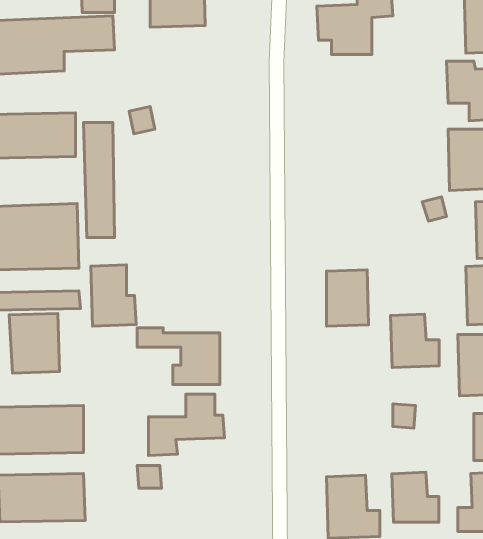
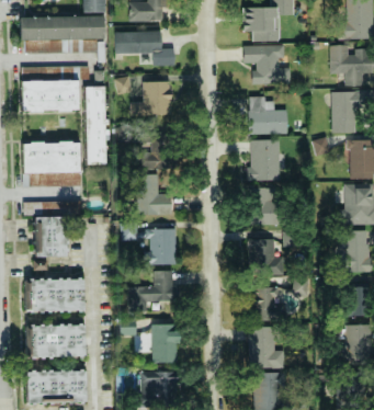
building: none -> [116,31,175,65]
building: none -> [243,45,291,83]
building: none -> [132,81,172,116]
building: none -> [248,96,287,134]
building: none -> [145,132,178,169]
building: none -> [250,139,280,180]
building: [91,265,136,326] -> [141,173,172,215]
building: [390,314,439,367] -> [251,238,284,274]
building: none -> [152,323,179,363]
building: [392,472,439,522] -> [254,286,286,320]

